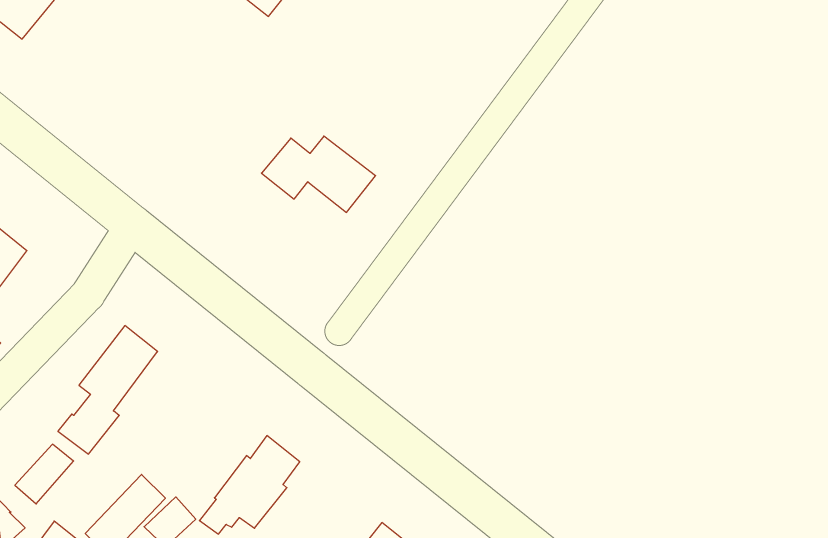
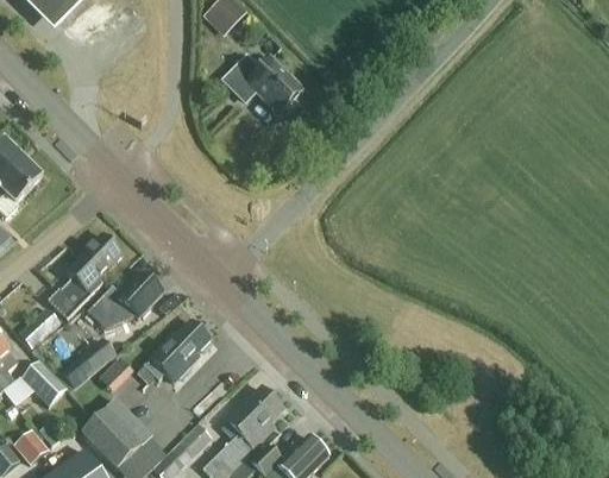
building: [261,136,376,212] -> [225,58,302,113]
building: none -> [90,272,163,325]

